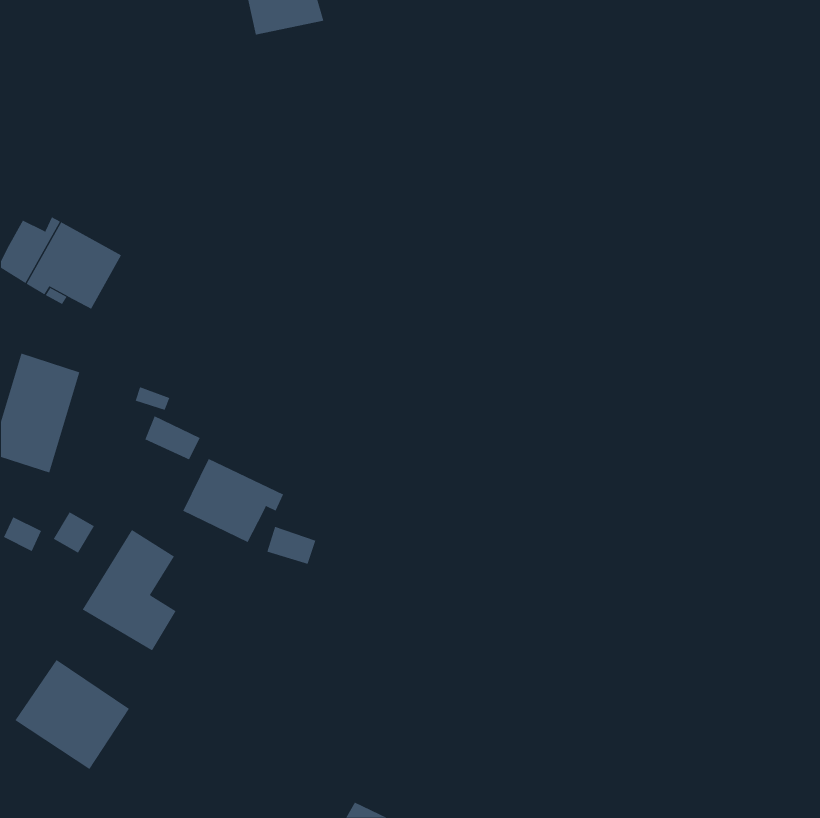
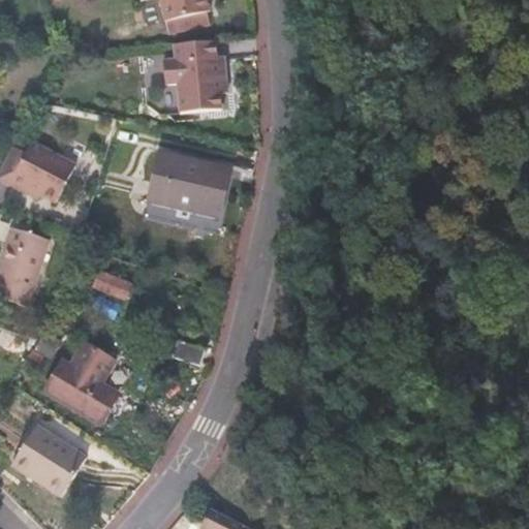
building: none -> [164,43,226,116]
building: none -> [141,155,222,220]
building: [182,458,284,543] -> none

